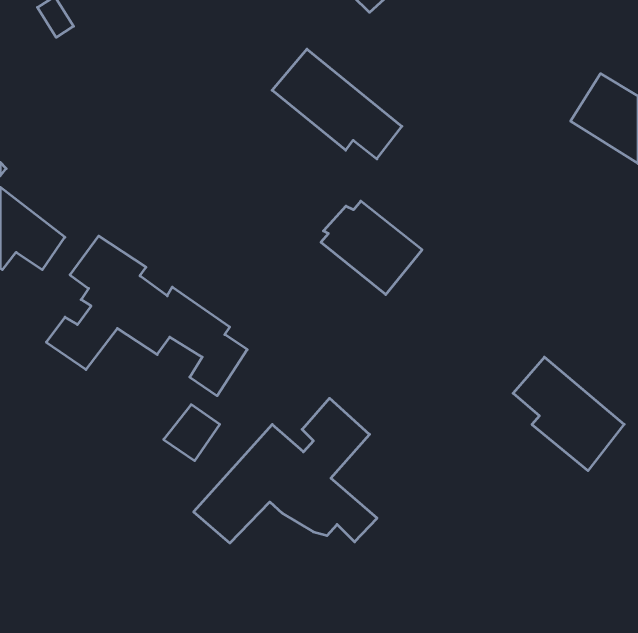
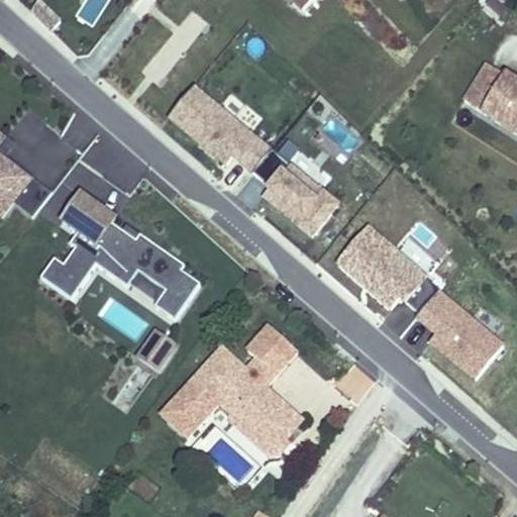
building: [272,49,402,159] -> [167,84,272,173]
building: none -> [333,225,428,308]
building: none -> [228,415,292,457]

